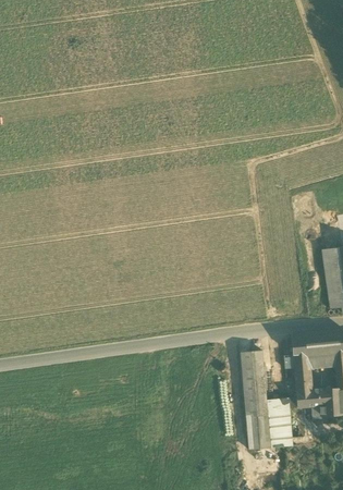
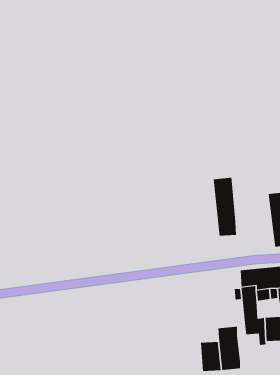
building: [241,351,268,417] -> [213,177,237,236]

